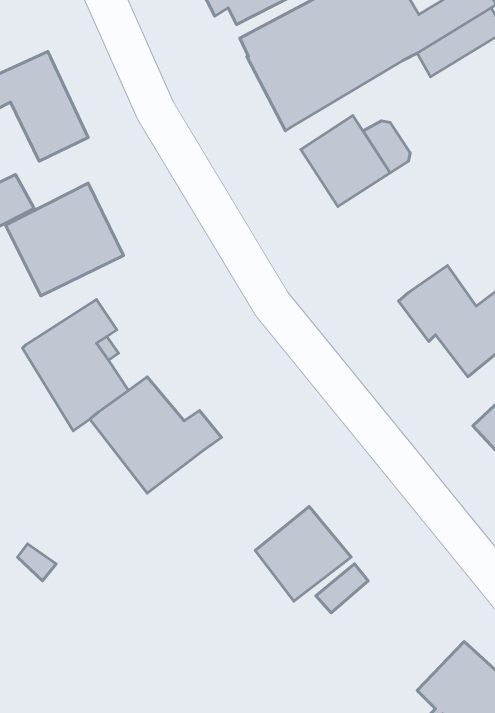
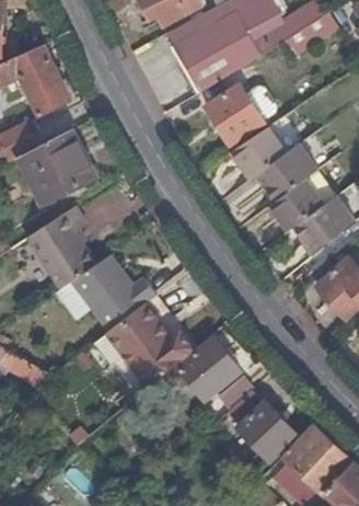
building: none -> [232,128,315,199]
building: none -> [107,301,196,386]
building: none -> [225,389,296,462]

